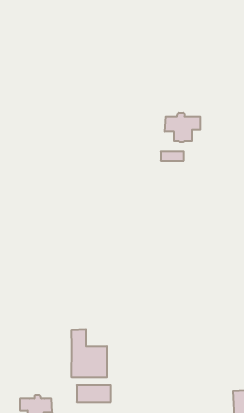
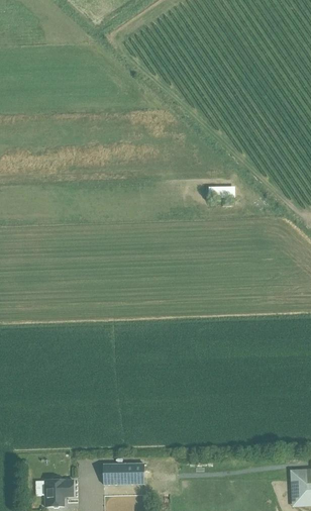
building: [165,113,200,142] -> none
building: [72,329,107,377] -> none

